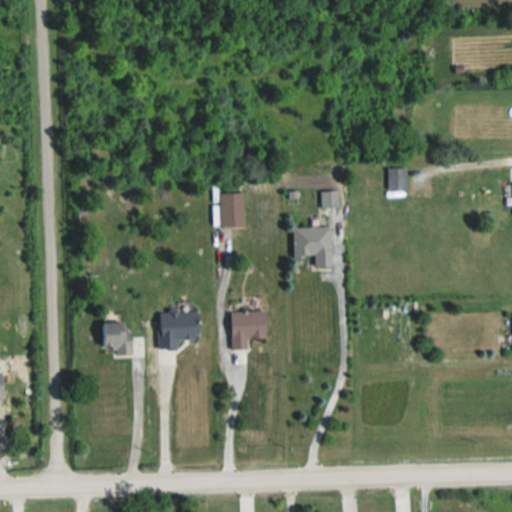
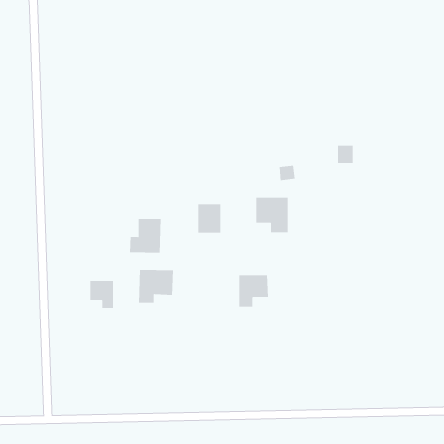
building: [219,193,246,227] -> [198,204,221,233]
building: none -> [130,218,161,254]
building: [232,311,267,348] -> [238,275,269,307]

